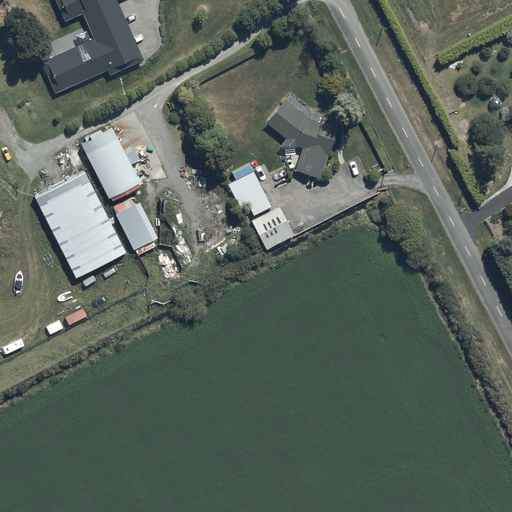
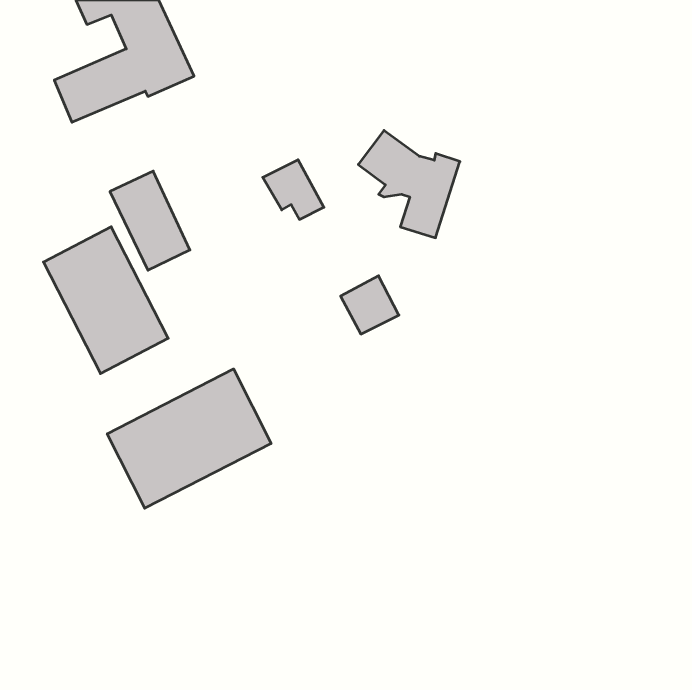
building: [227,171,272,215] -> [263,160,324,219]
building: [117,202,157,250] -> none
building: none -> [107,369,271,508]

